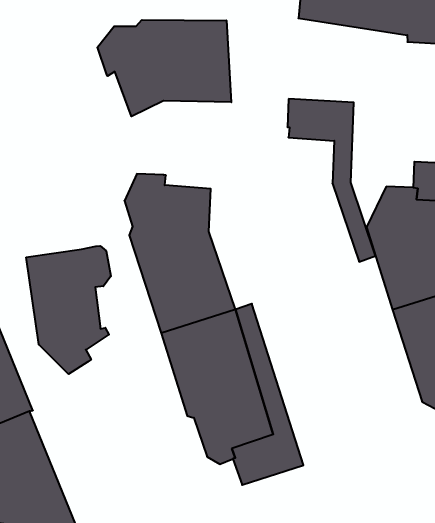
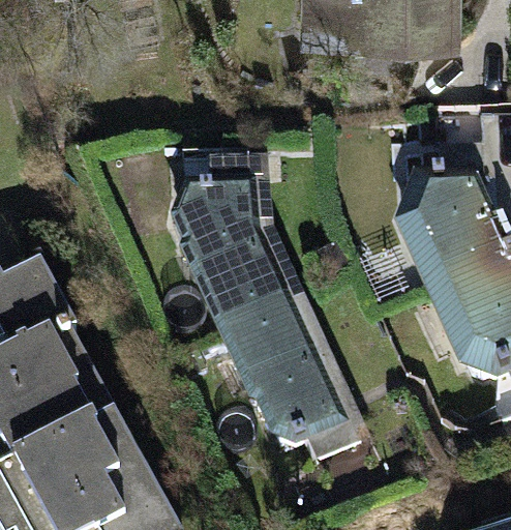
building: [97,20,231,116] -> none
building: [287,99,376,262] -> [207,160,304,305]
building: [26,246,111,374] -> none

